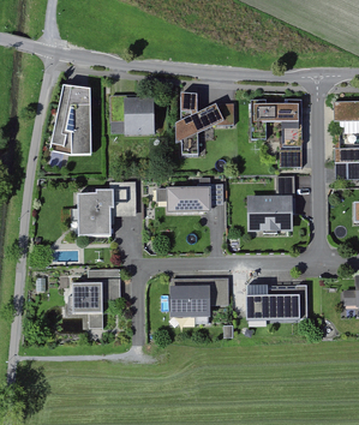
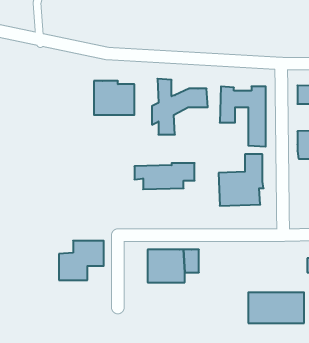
building: [50,85,91,154] -> none
building: [77,181,136,234] -> none
building: [246,286,307,319] -> [248,292,304,323]

